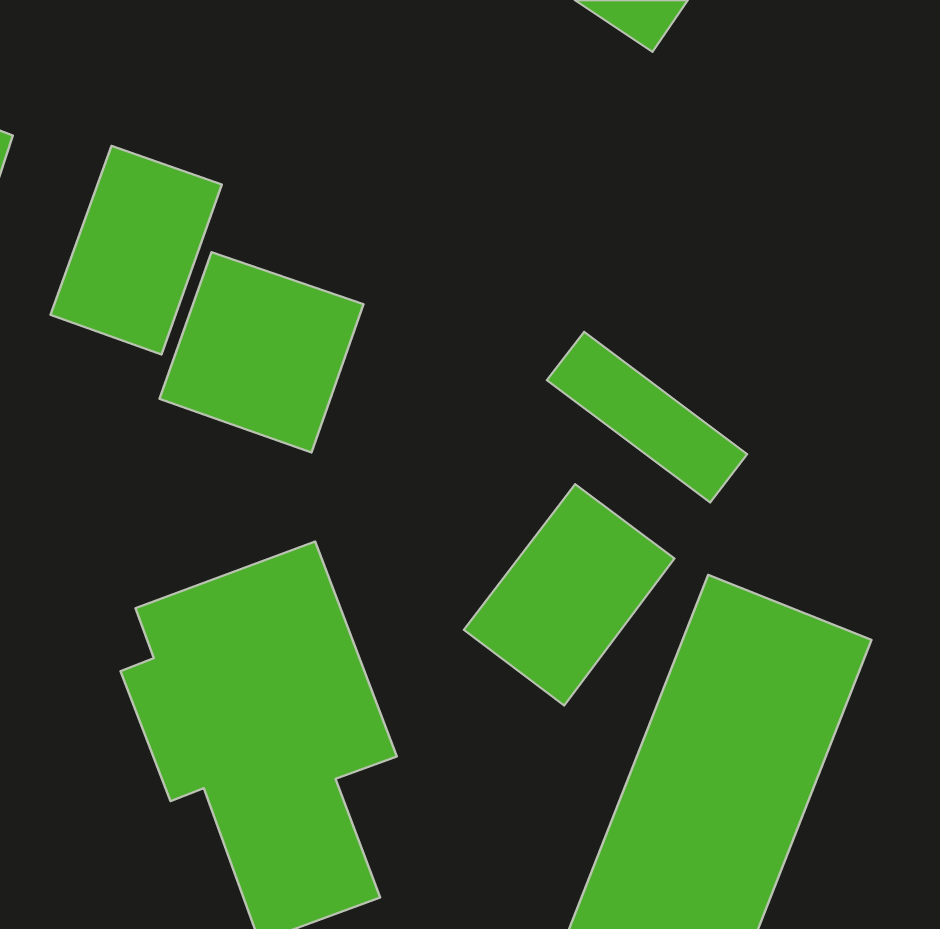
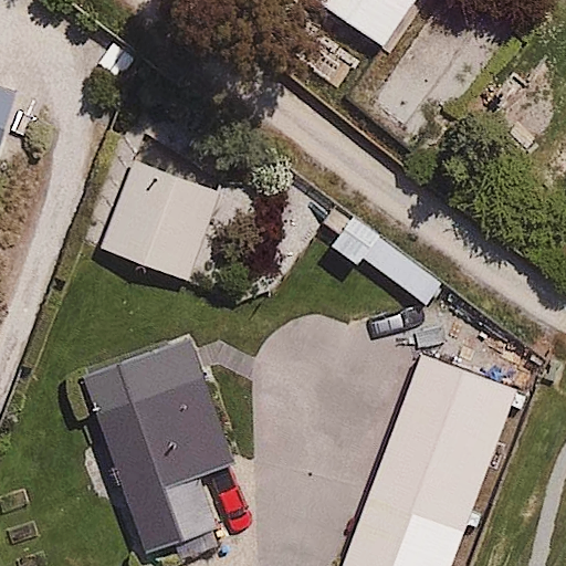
building: [50,146,222,355] -> none
building: [464,484,674,706] -> none

